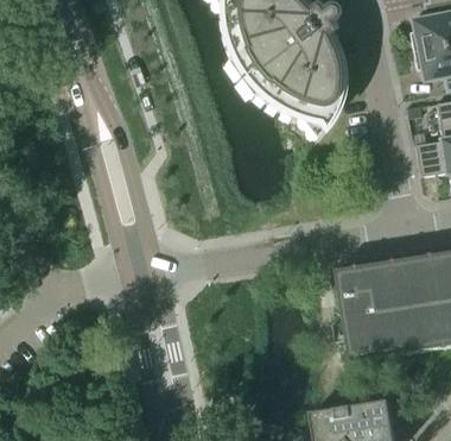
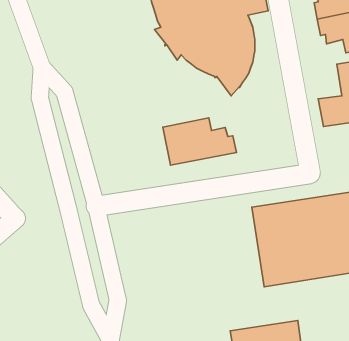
building: none -> [163,118,236,165]

